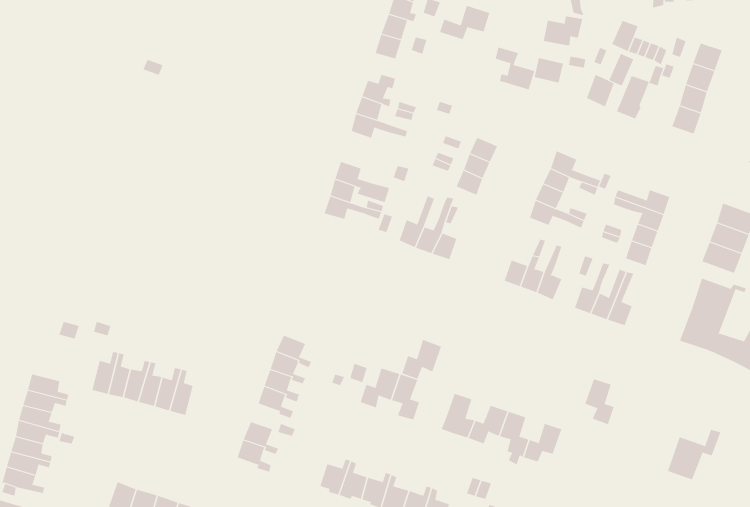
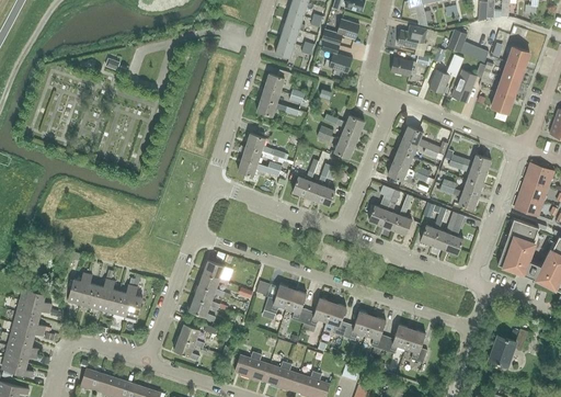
building: [495,47,535,90] -> [322,41,352,72]
building: [401,339,442,380] -> [304,297,333,327]
building: [584,379,614,425] -> [405,329,427,363]

